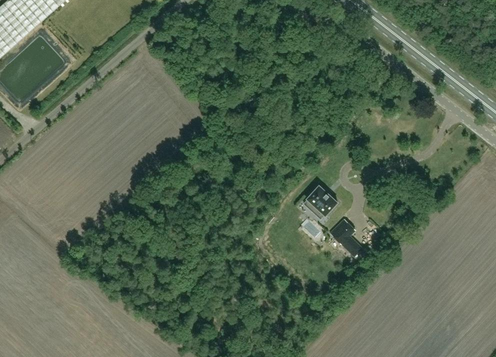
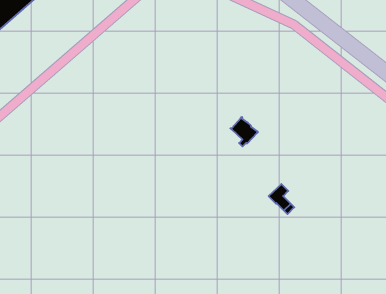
building: [304,185,336,219] -> [230,117,258,146]

